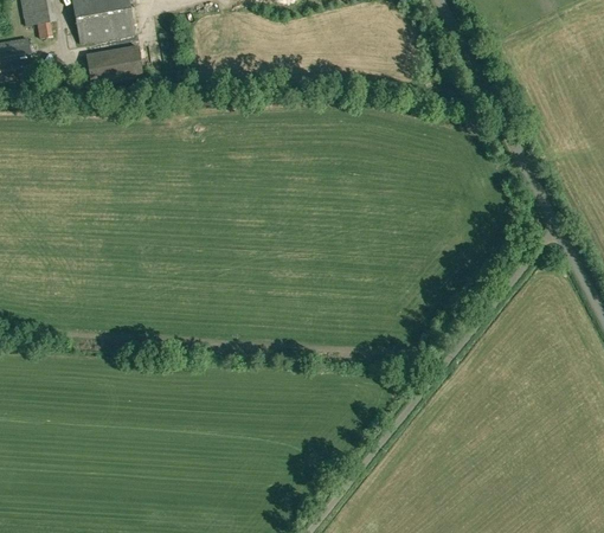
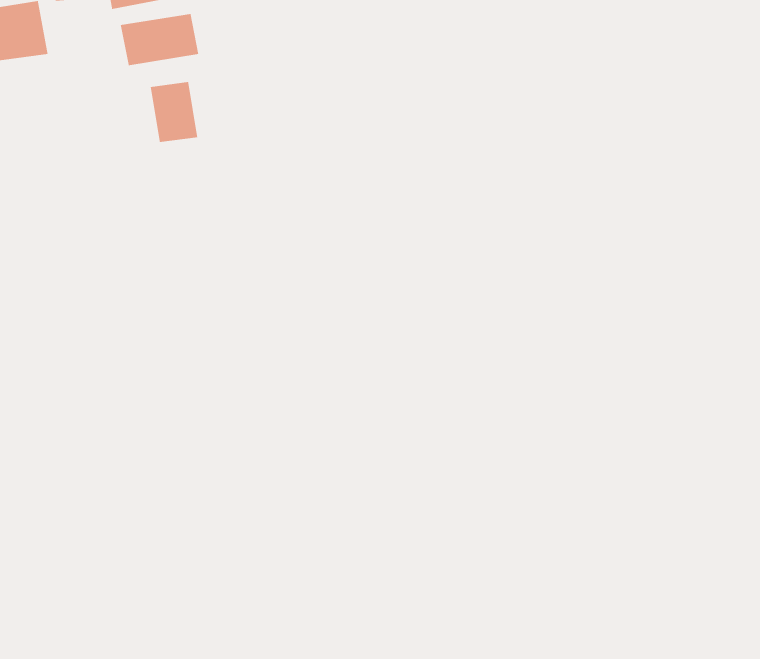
building: none -> [150,81,198,143]

